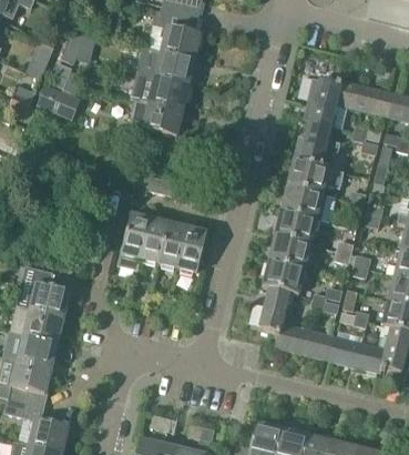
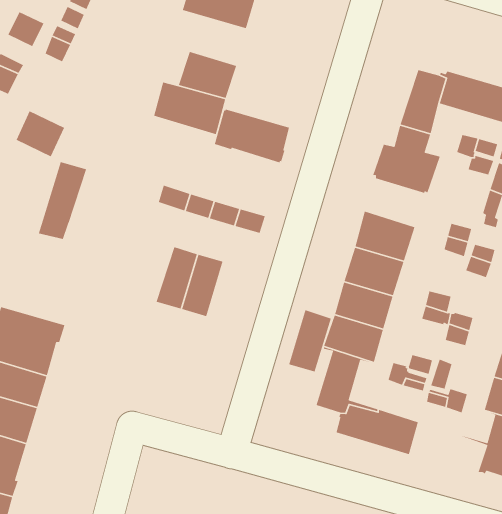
building: [141,47,195,84] -> [214,108,290,163]
building: [37,83,72,117] -> [15,110,65,157]
building: [287,161,330,194] -> none
building: [117,213,151,270] -> [38,161,87,240]
building: [177,226,207,272] -> [288,309,332,372]
building: [329,335,385,373] -> none

